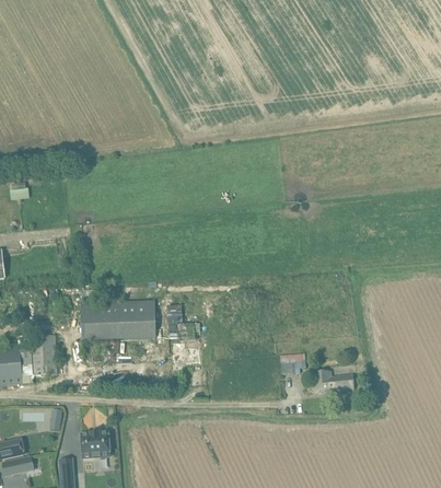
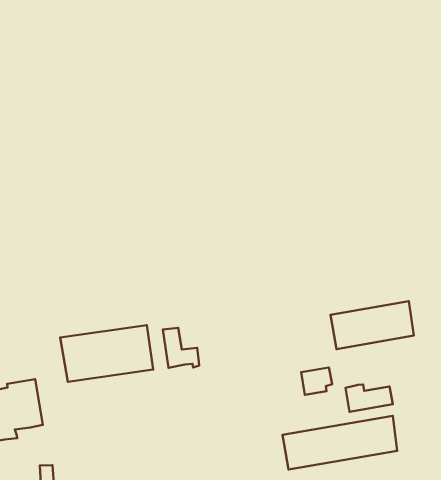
building: none -> [331,301,414,349]
building: none -> [282,416,397,469]

